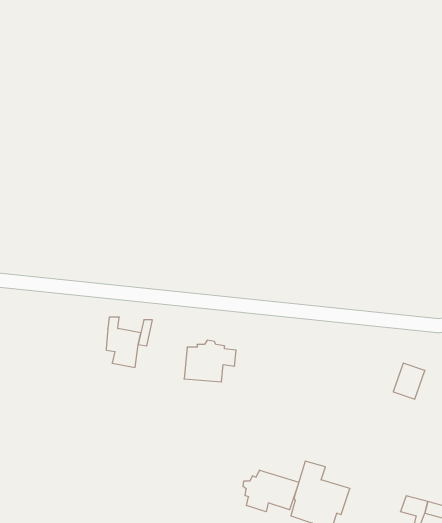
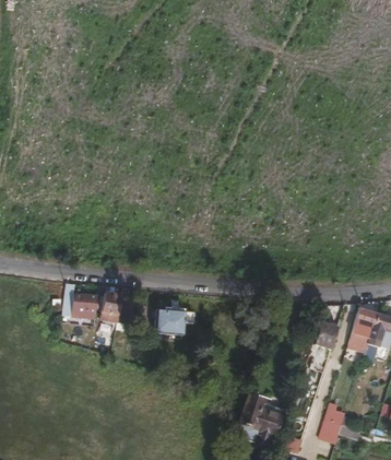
building: none -> [68,285,98,310]
building: [243,470,299,512] -> none

